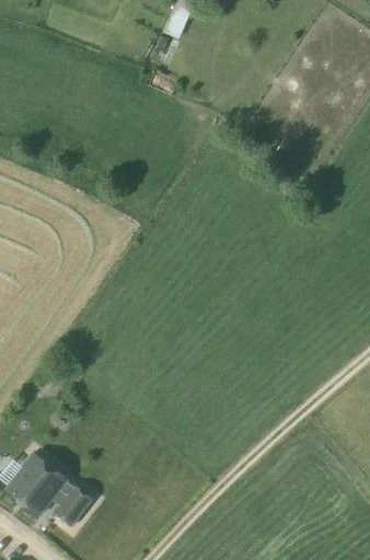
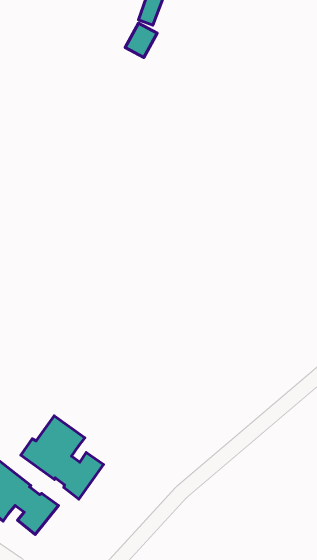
building: none -> [21,416,104,499]

